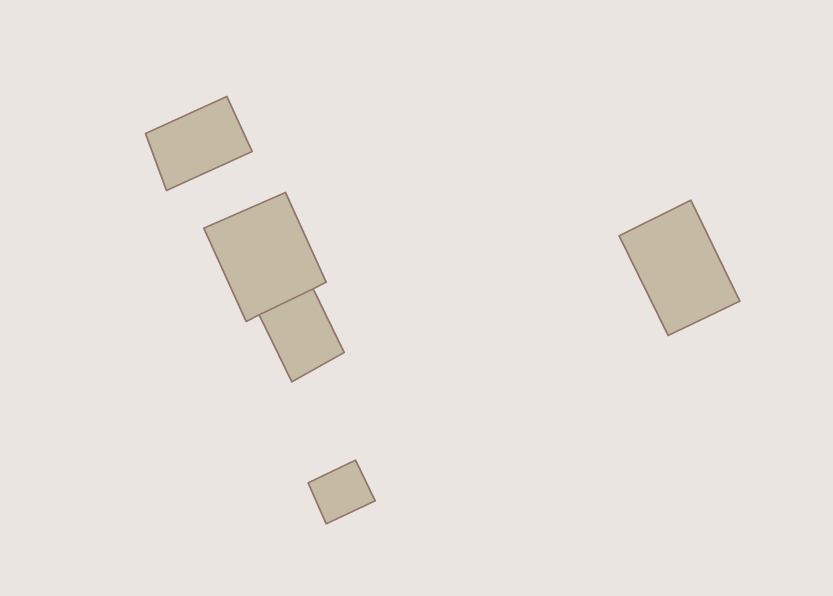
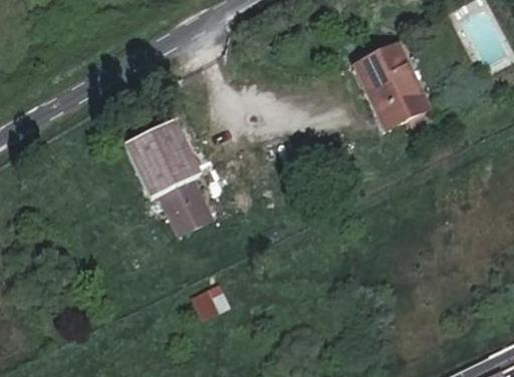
building: [145,96,252,191] -> none
building: [619,200,740,336] -> [355,47,430,130]

